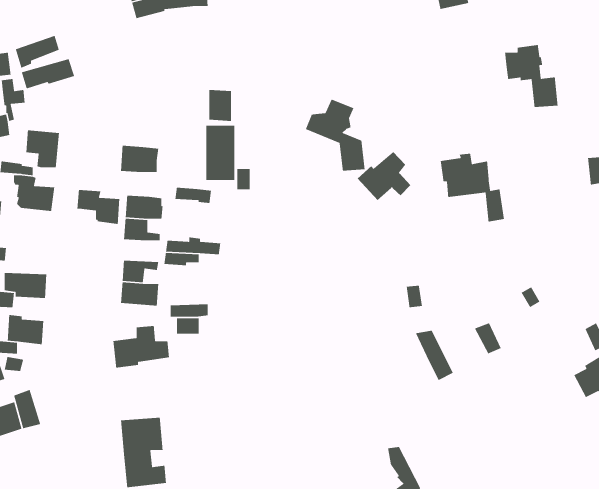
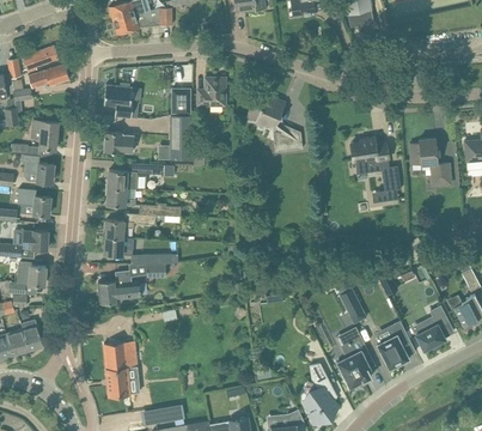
building: [504,44,559,108] -> [409,138,451,187]
building: none -> [197,78,226,107]
building: none -> [104,84,138,119]
building: [357,151,411,201] -> none
building: [77,189,120,225] -> [17,189,50,217]
building: none -> [415,304,449,351]
building: none -> [377,321,410,372]
building: none -> [337,327,376,387]

